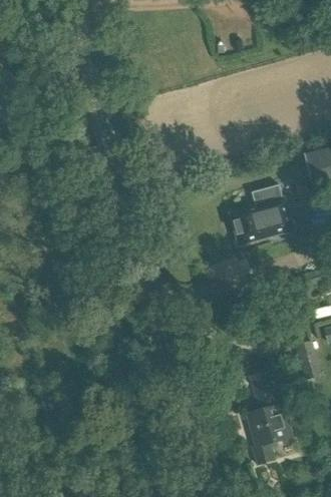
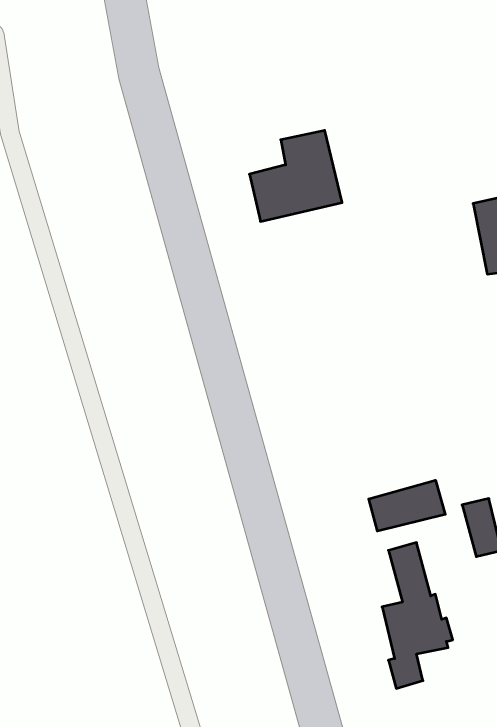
building: [230,184,289,242] -> [249,130,342,221]
building: none -> [369,480,445,531]

